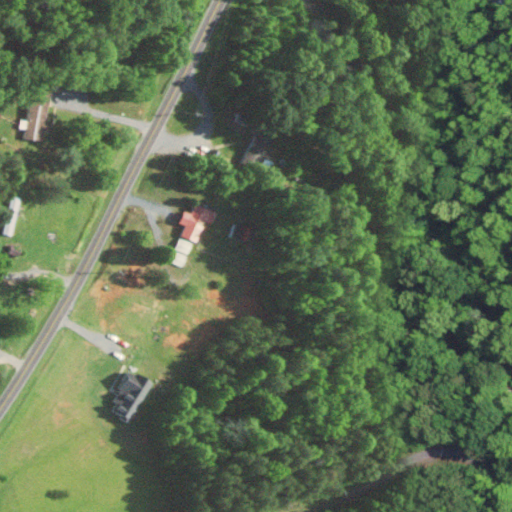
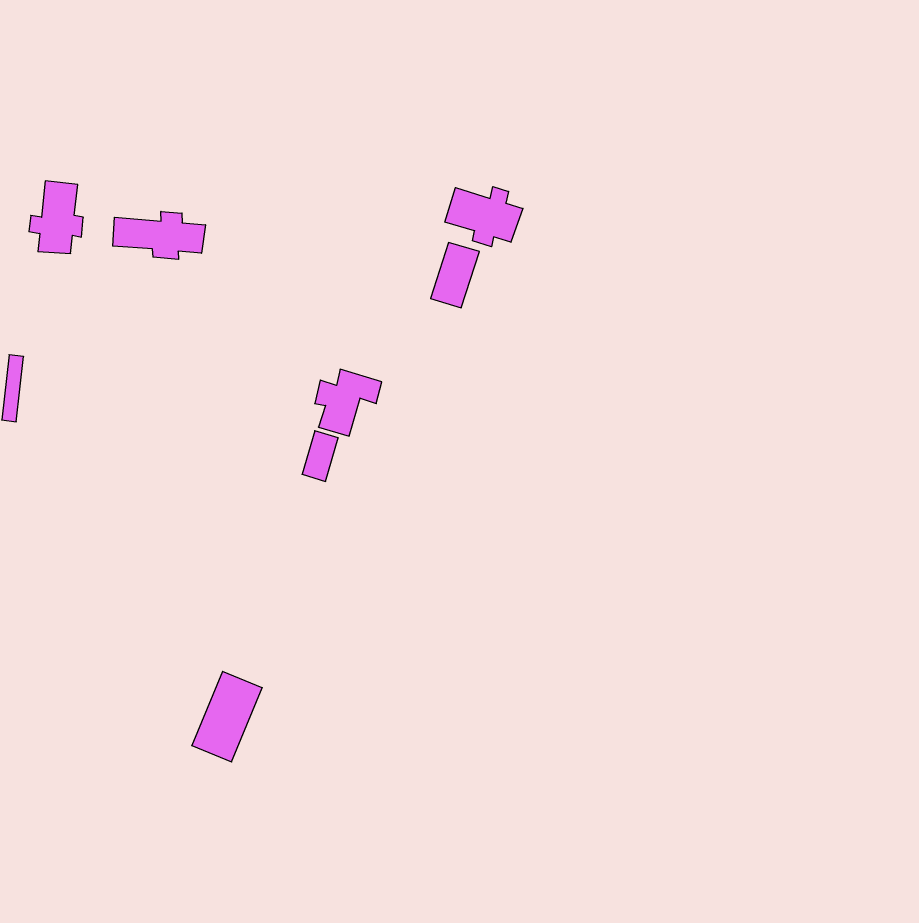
building: none -> [445,187,523,247]
building: none -> [113,211,205,259]

